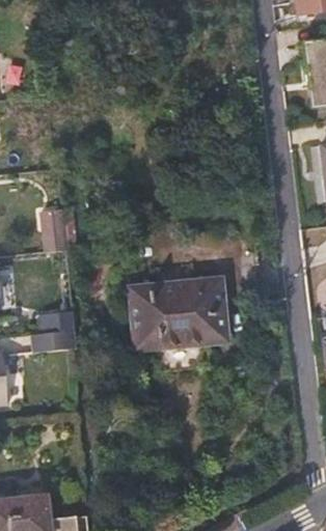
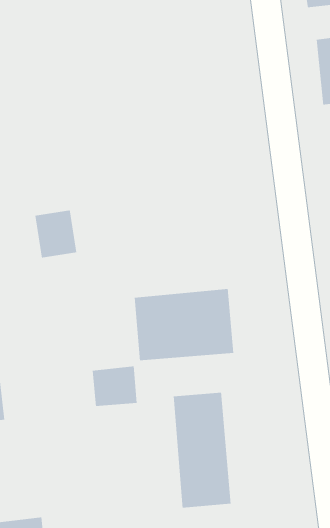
building: [27,316,71,355] -> [92,366,138,406]
building: none -> [173,392,231,508]

